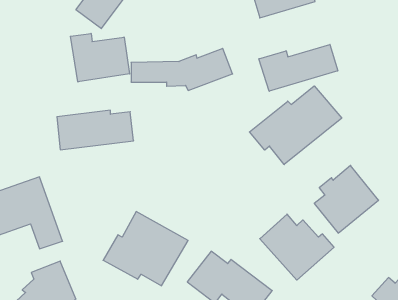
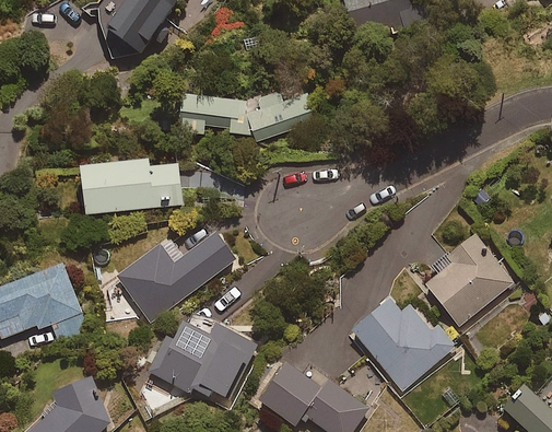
building: [70,33,130,82] -> none
building: [259,44,338,91] -> none
building: [249,86,342,165] -> none
building: none -> [115,223,238,320]

